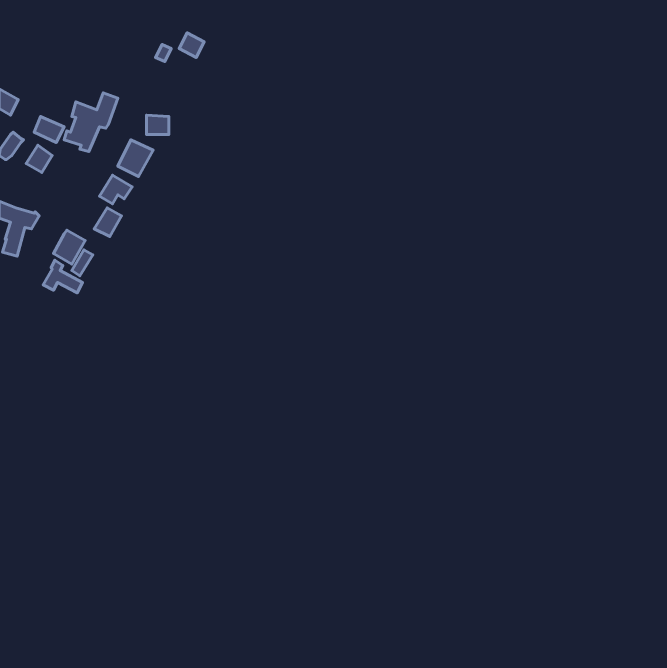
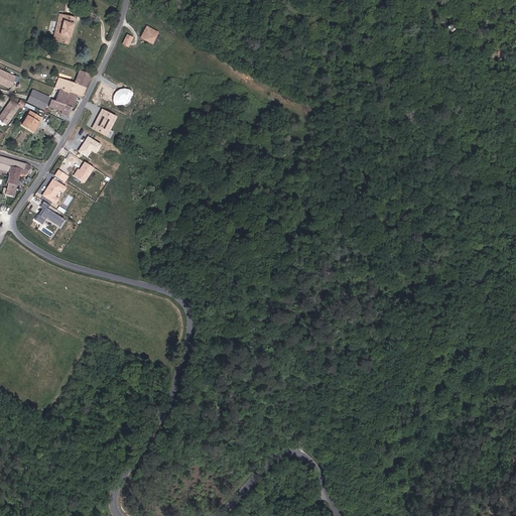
building: none -> [50,13,75,45]

